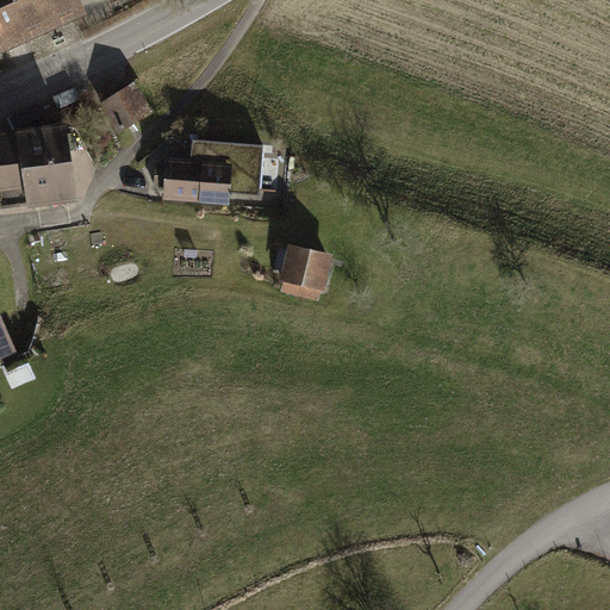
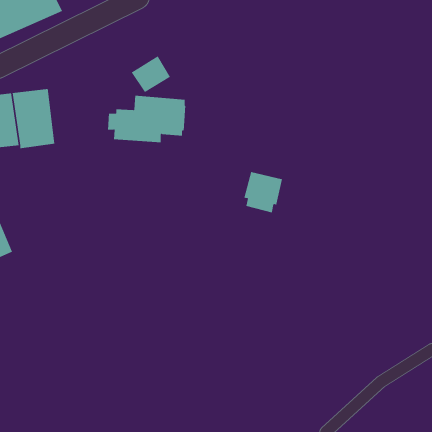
building: [97,81,152,133] -> [131,56,171,93]
building: [275,238,330,297] -> [244,171,283,213]

